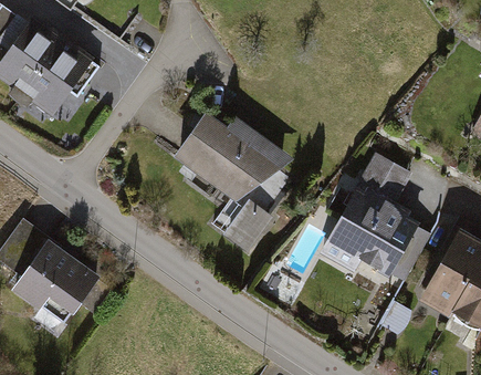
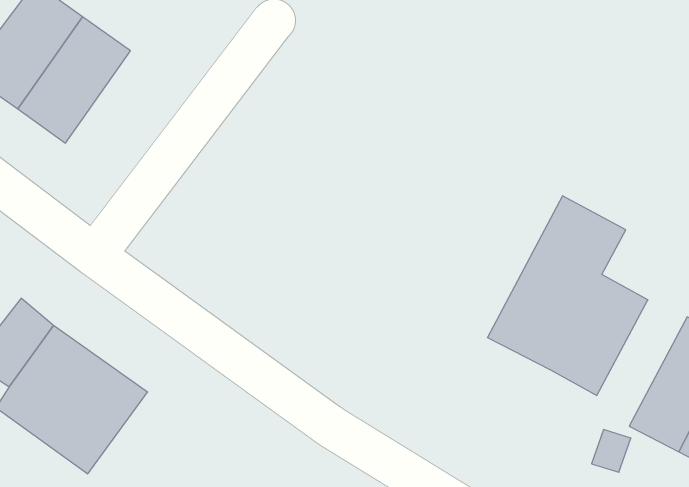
building: [169,112,299,257] -> none

